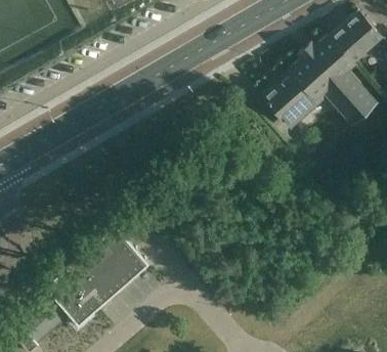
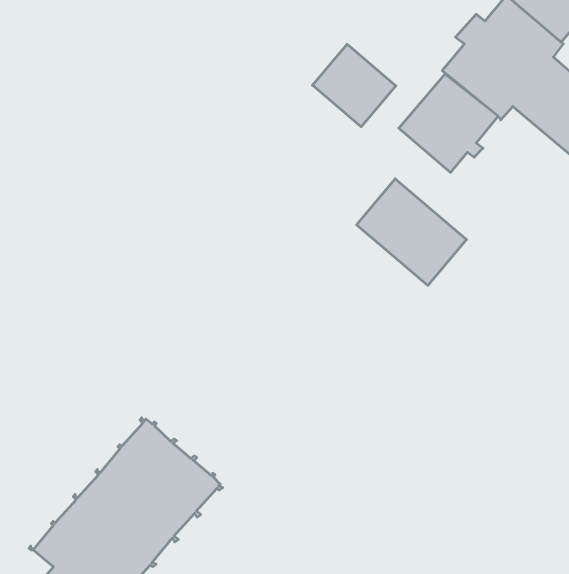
building: none -> [312,44,396,127]
building: none -> [357,179,467,285]

